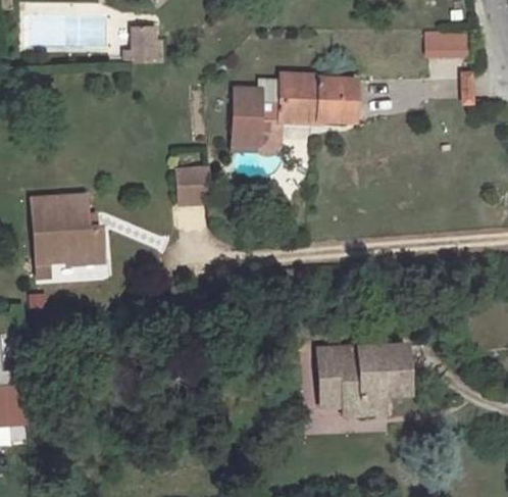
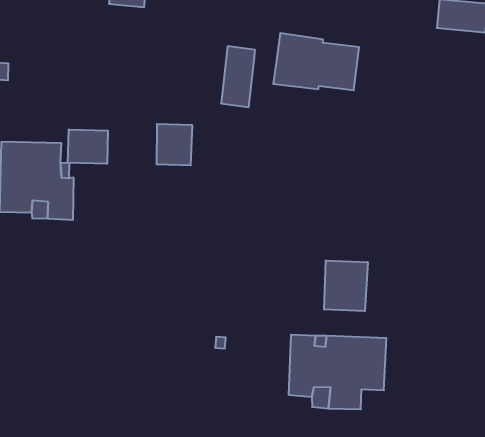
building: [232,100,280,155] -> none
building: none -> [68,129,108,164]
building: none -> [324,260,368,311]

